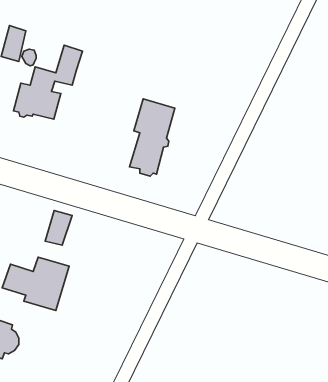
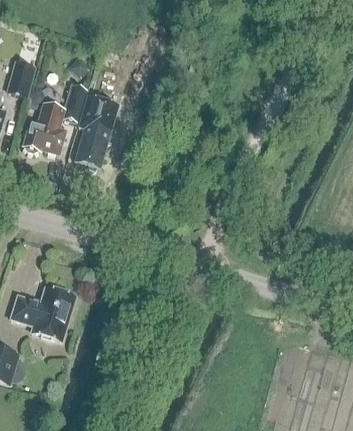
building: [130,99,175,176] -> [75,93,119,168]
building: [45,211,72,245] -> none

